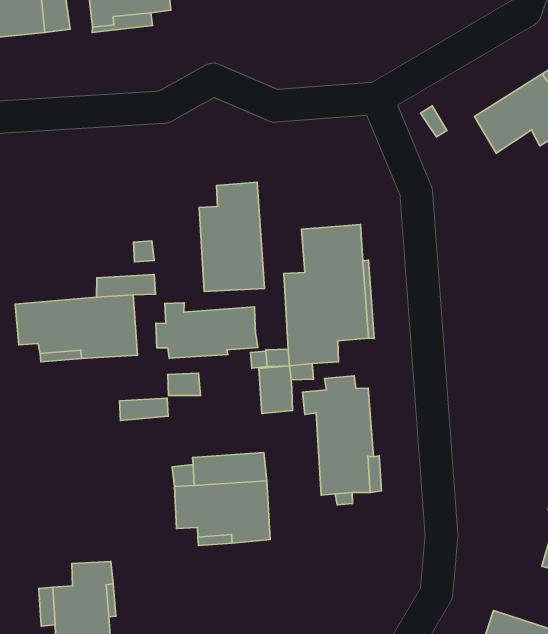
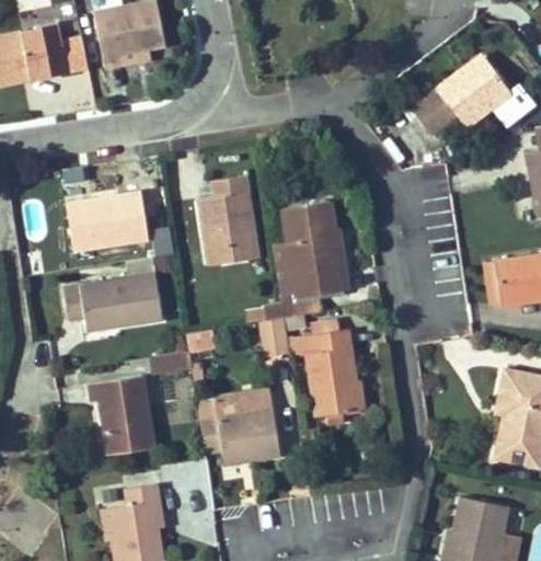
building: none -> [67,193,145,251]
building: [156,303,258,358] -> none
building: none -> [90,376,154,456]

